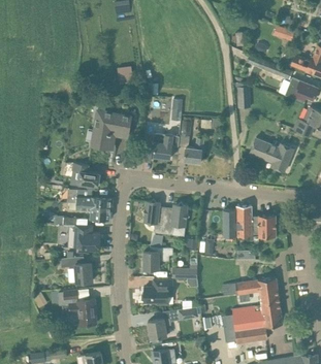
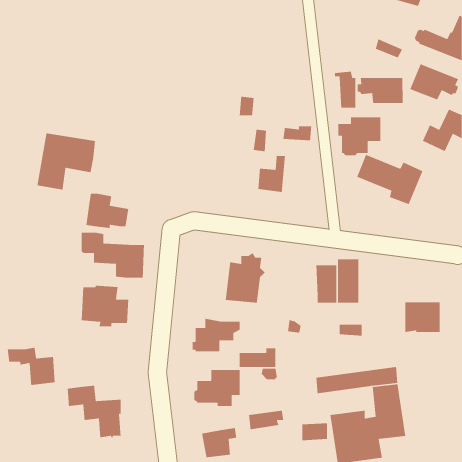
building: none -> [357,77,403,104]
building: [91,111,130,150] -> [36,133,96,190]
building: none -> [338,117,381,156]
building: [152,134,179,160] -> none
building: [141,200,165,235] -> none
building: [251,217,275,237] -> [405,302,441,333]
building: [60,258,92,284] -> [7,347,55,386]

